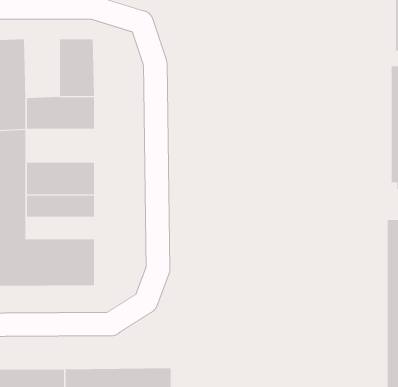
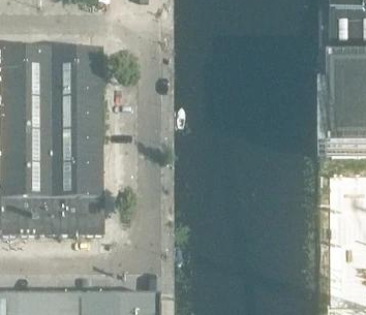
building: none -> [51,44,77,89]
building: none -> [52,113,103,137]
building: none -> [52,179,103,195]

